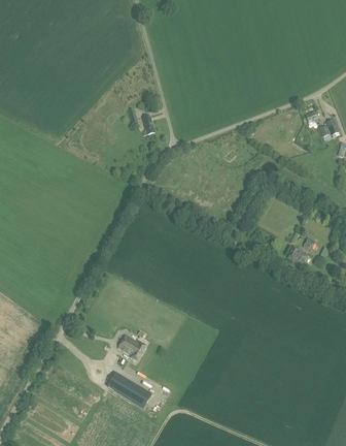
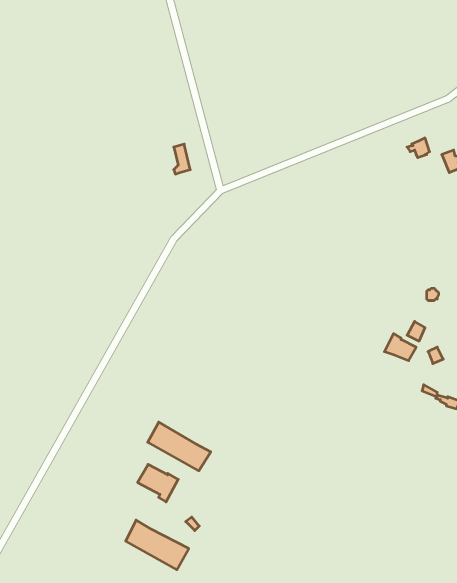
building: none -> [148,422,211,471]

